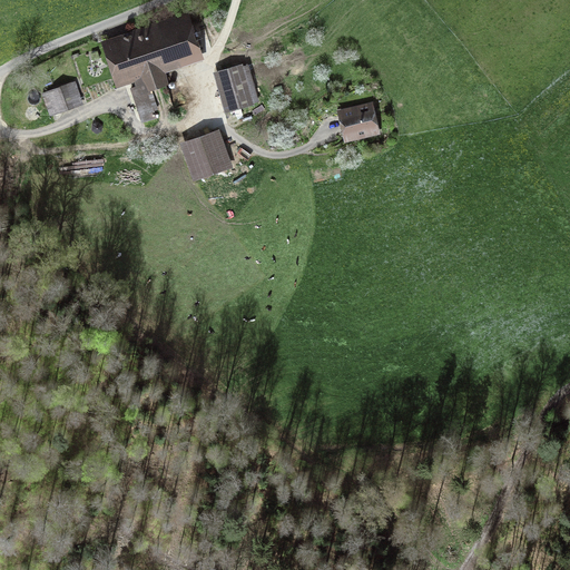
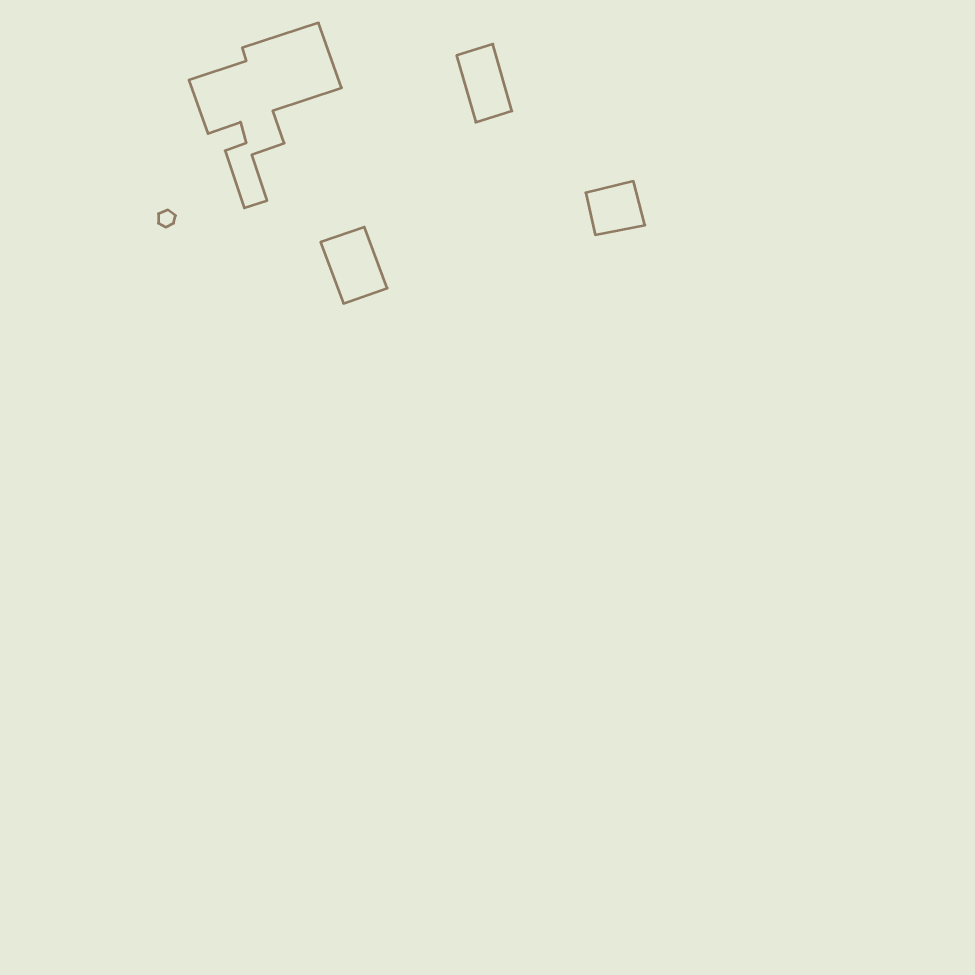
building: [219,65,252,110] -> [457,44,512,122]
building: [43,82,81,111] -> none

